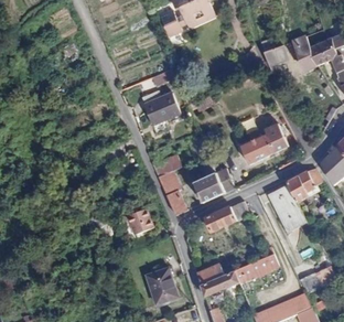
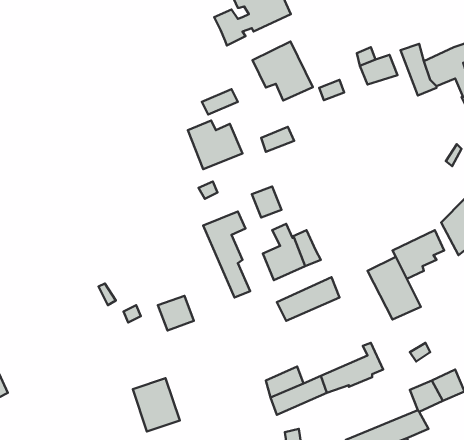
building: none -> [252,41,313,101]
building: [240,125,288,164] -> none
building: [144,268,178,305] -> [133,378,180,431]

